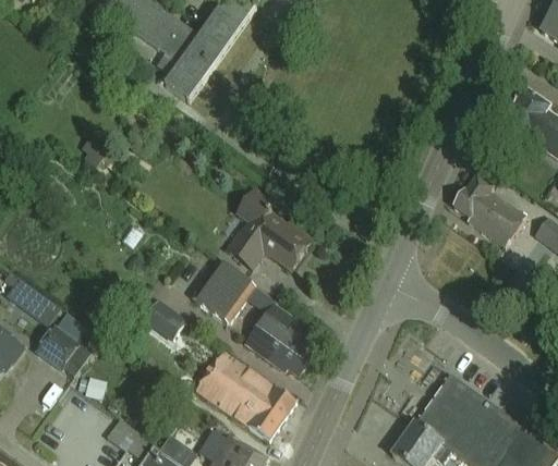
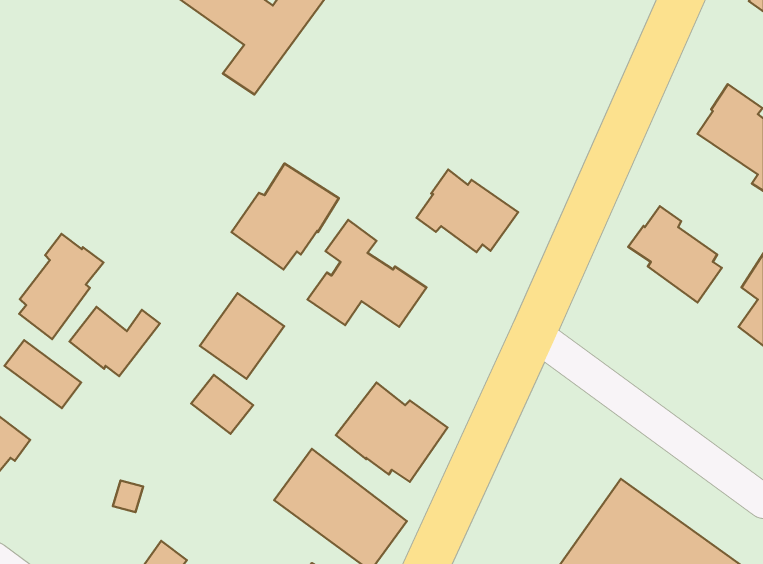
building: none -> [231,163,339,269]
building: none -> [416,170,518,252]
building: none -> [19,234,103,339]
building: [192,260,253,322] -> [200,293,284,379]
building: [35,327,100,377] -> [69,307,160,376]

